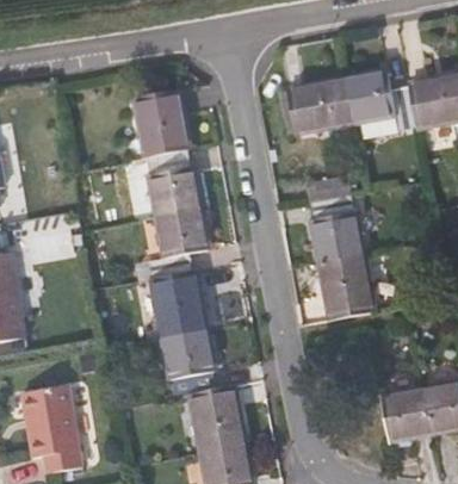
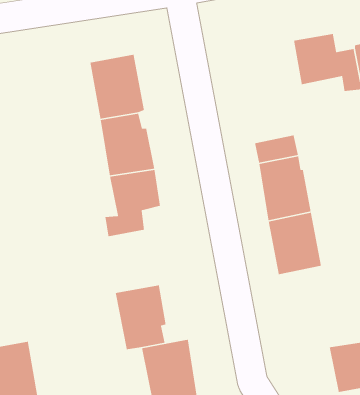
building: [285,76,353,135] -> none
building: [149,273,206,337] -> none

